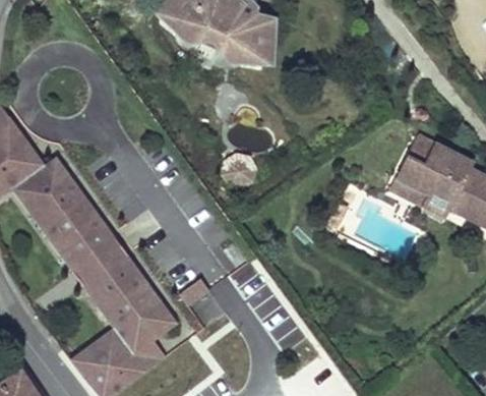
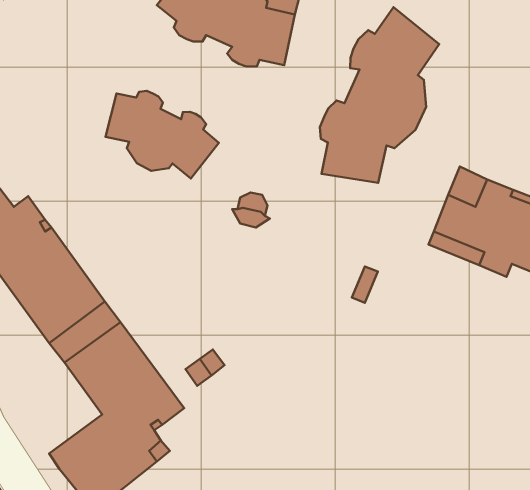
building: none -> [320,7,439,183]
building: none -> [106,91,219,179]

